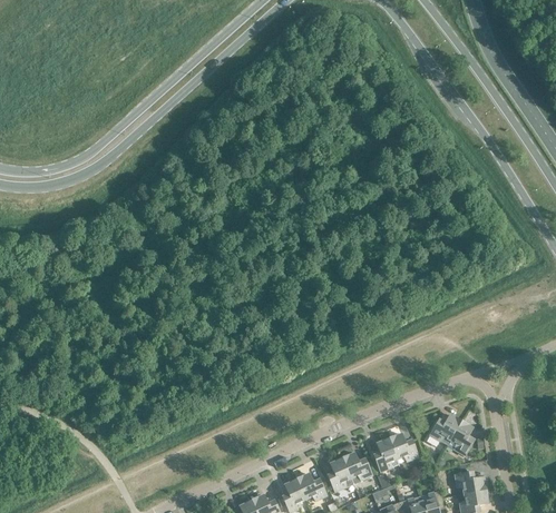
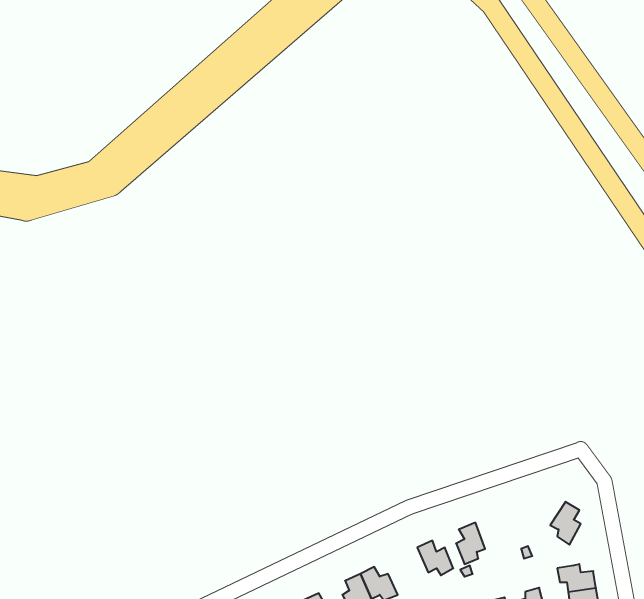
building: [429,414,461,440] -> none
building: [389,433,418,461] -> none
building: [326,457,351,491] -> none

